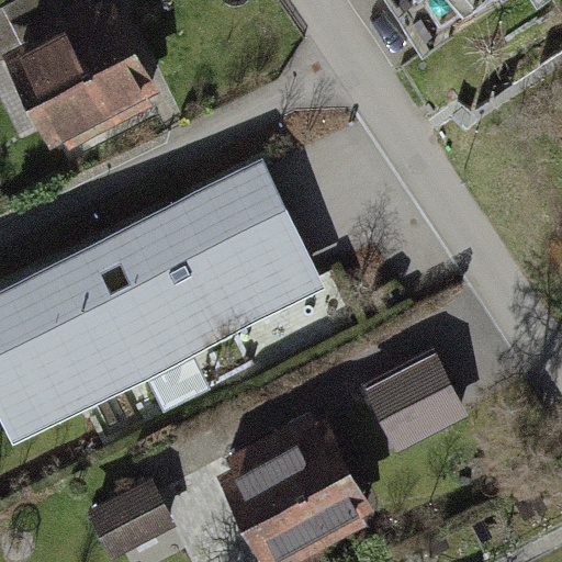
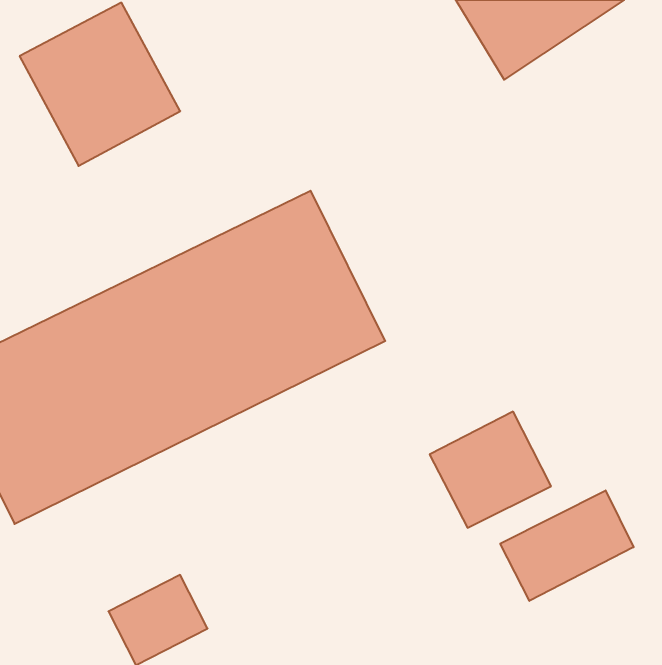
building: none -> [500,490,634,601]
building: [229,425,362,554] -> none

